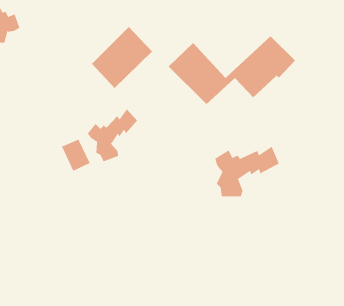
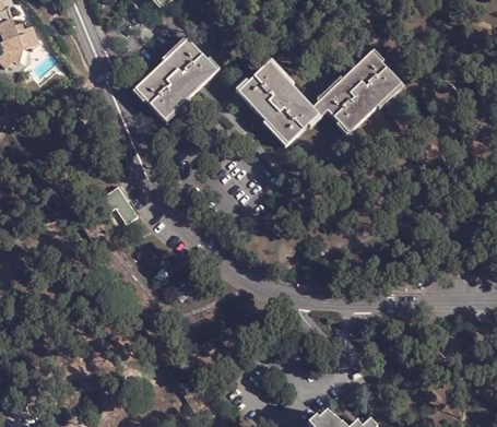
building: [87,108,138,162] -> none
building: [215,146,279,197] -> none

